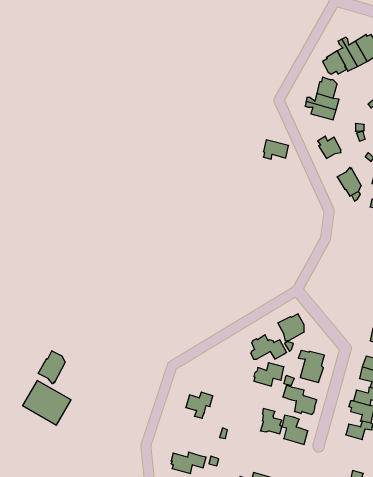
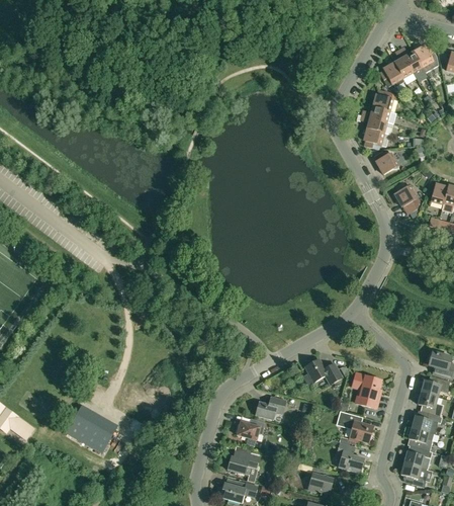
building: [263,140,289,159] -> [364,126,390,147]
building: [278,314,304,342] -> none
building: [38,351,65,384] -> none
building: [254,363,284,386] -> [255,395,286,419]
building: [260,409,282,434] -> [309,466,332,492]
building: none -> [228,448,260,474]
building: none -> [400,461,427,486]

